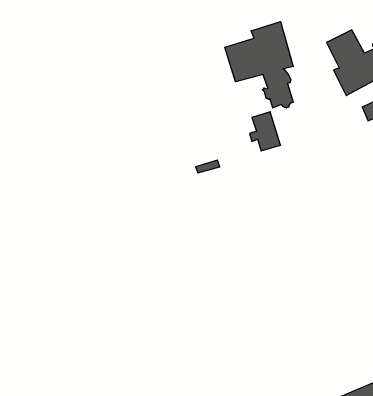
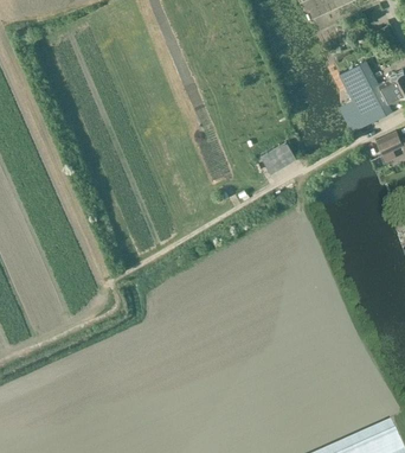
building: [225,22,293,108] -> none

